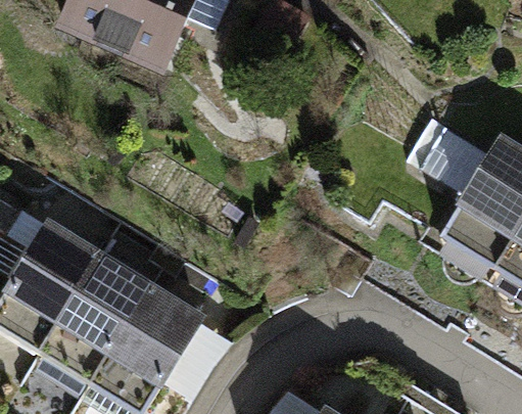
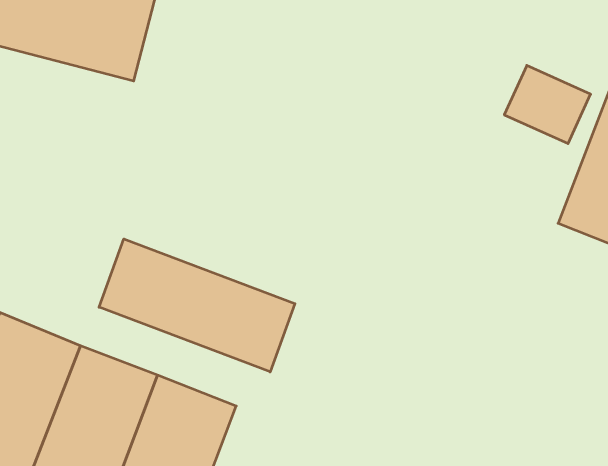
building: none -> [99,239,295,372]

